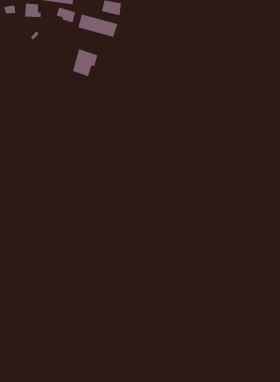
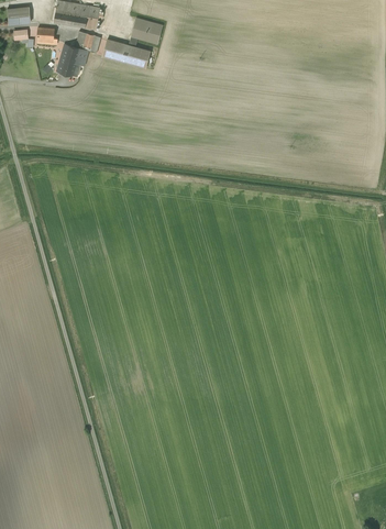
building: [72,49,98,77] -> [56,44,88,78]

